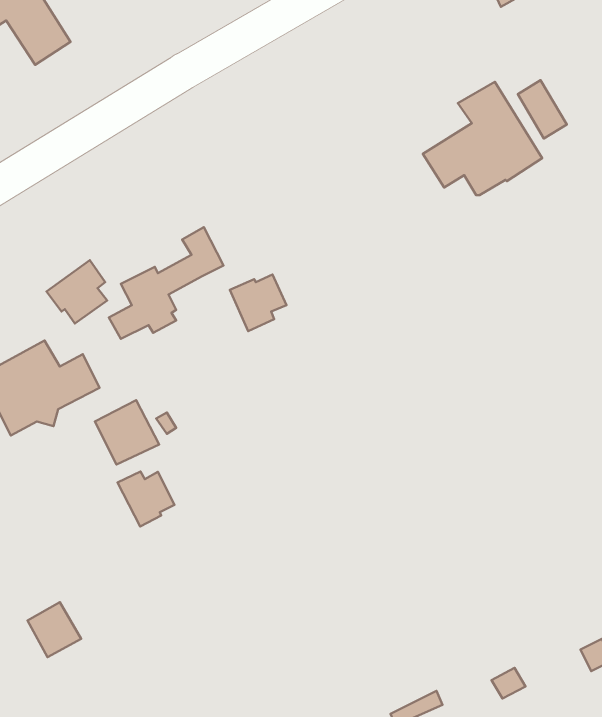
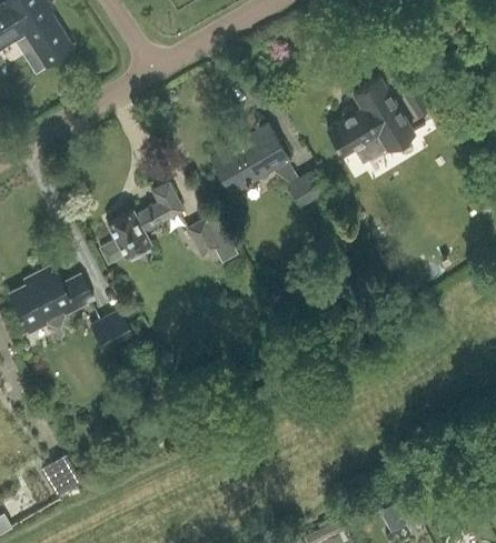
building: none -> [211,124,330,207]
building: [47,260,107,324] -> none
building: [117,471,174,527] -> none

